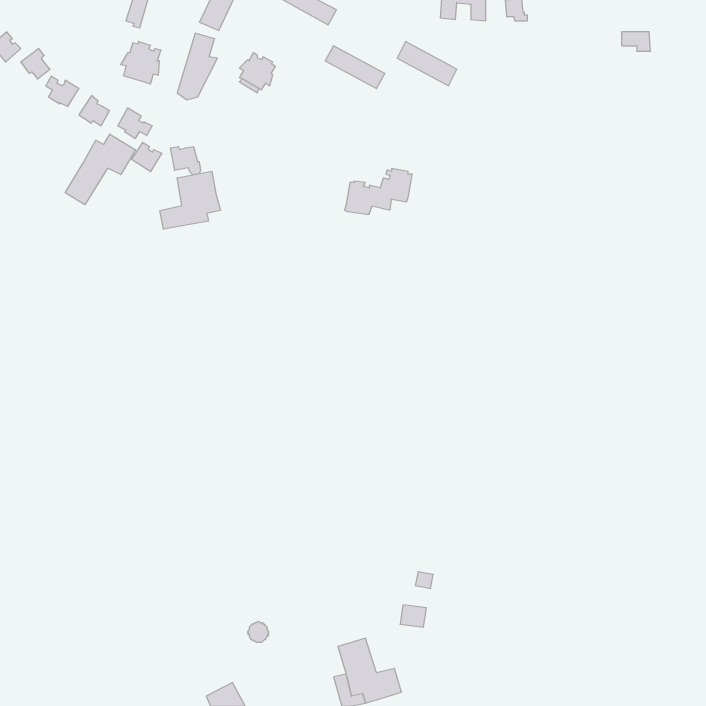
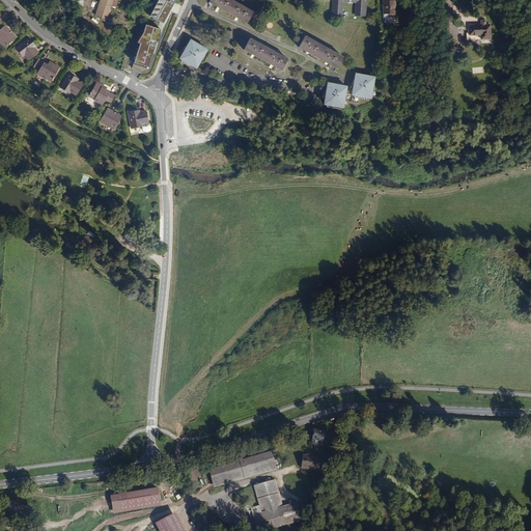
building: [121,41,161,84] -> none
building: [65,134,136,205] -> none
building: [344,169,412,214] -> [324,73,374,107]
building: [160,171,220,229] -> none
building: none -> [207,449,276,486]
building: none -> [110,486,160,512]

